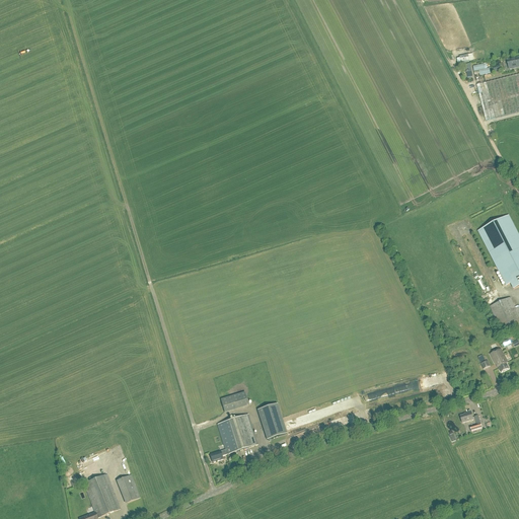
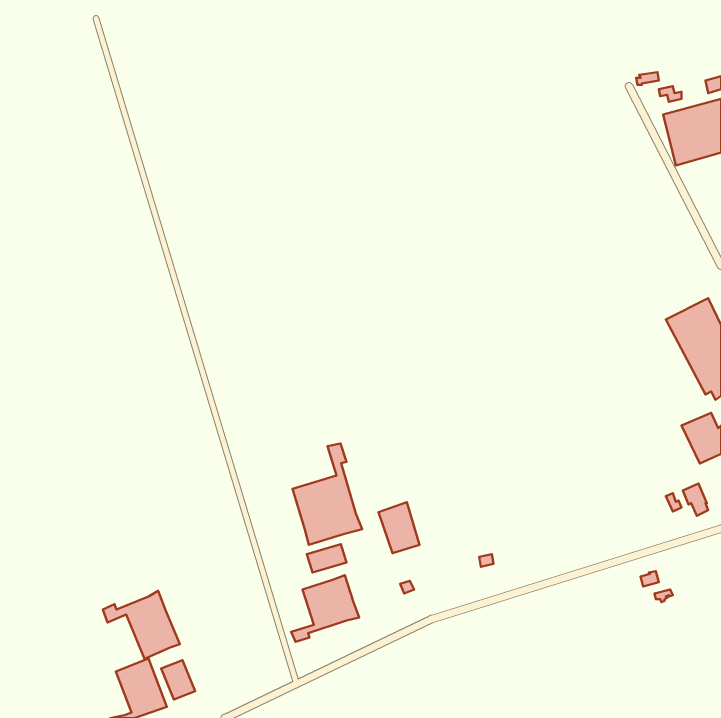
building: none -> [293,444,362,545]
building: [256,401,286,438] -> [378,502,419,553]
building: none -> [103,591,180,659]

